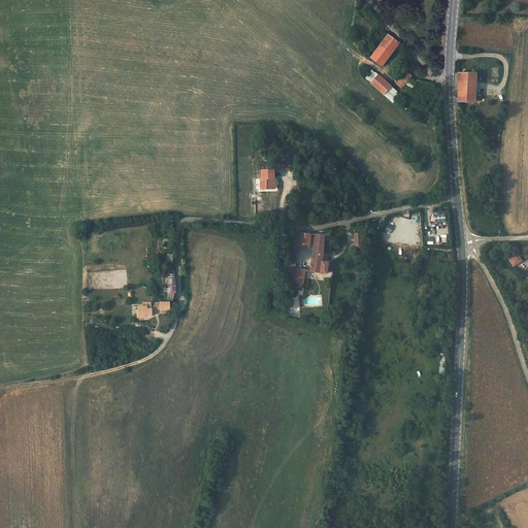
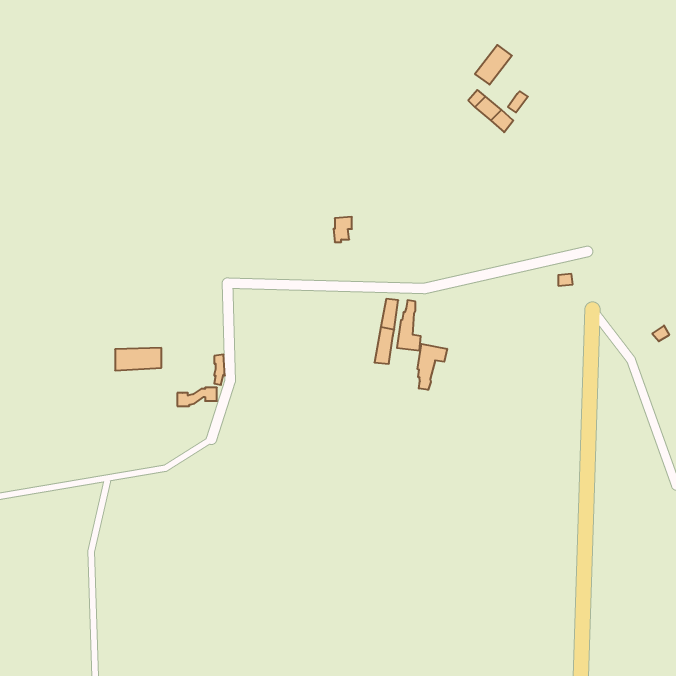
building: [458,73,476,102] -> none
building: none -> [418,344,447,390]

